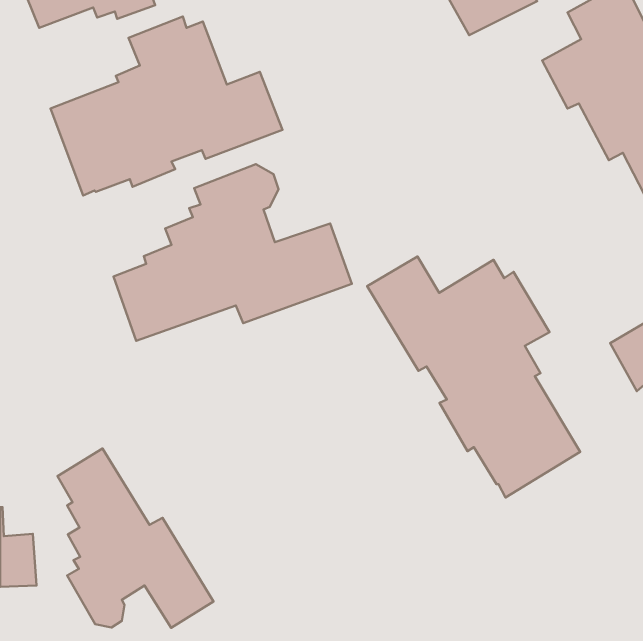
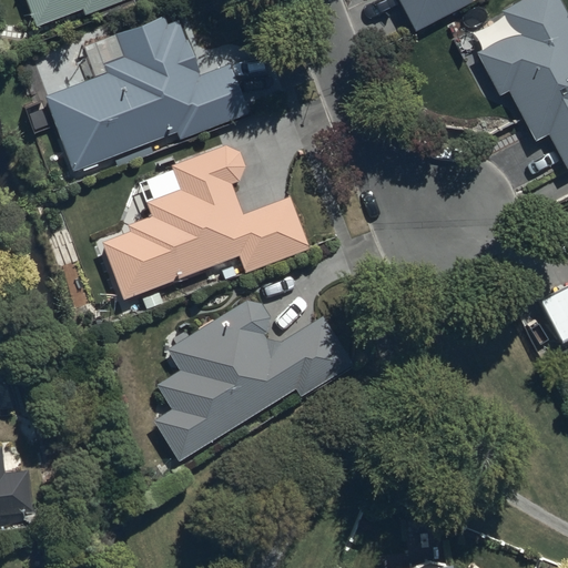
building: [367,256,580,497] -> none
building: none -> [153,301,354,462]
building: [57,448,213,628] -> none

